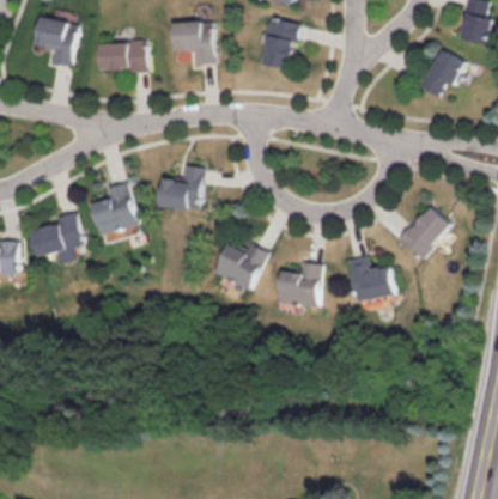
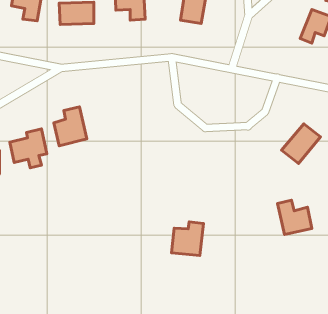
building: [160,165,204,211] -> none
building: [215,243,268,290] -> none
building: [348,255,395,302] -> [277,200,312,235]
building: [279,261,322,306] -> [171,222,203,256]

